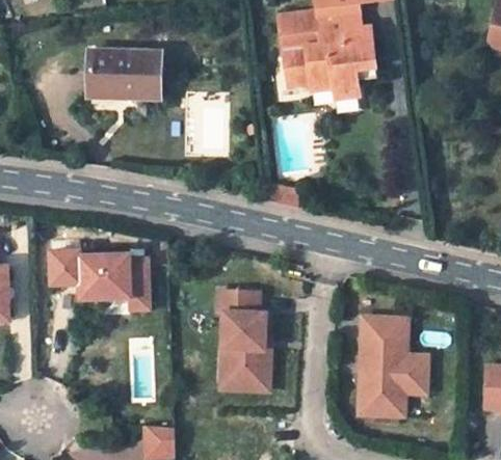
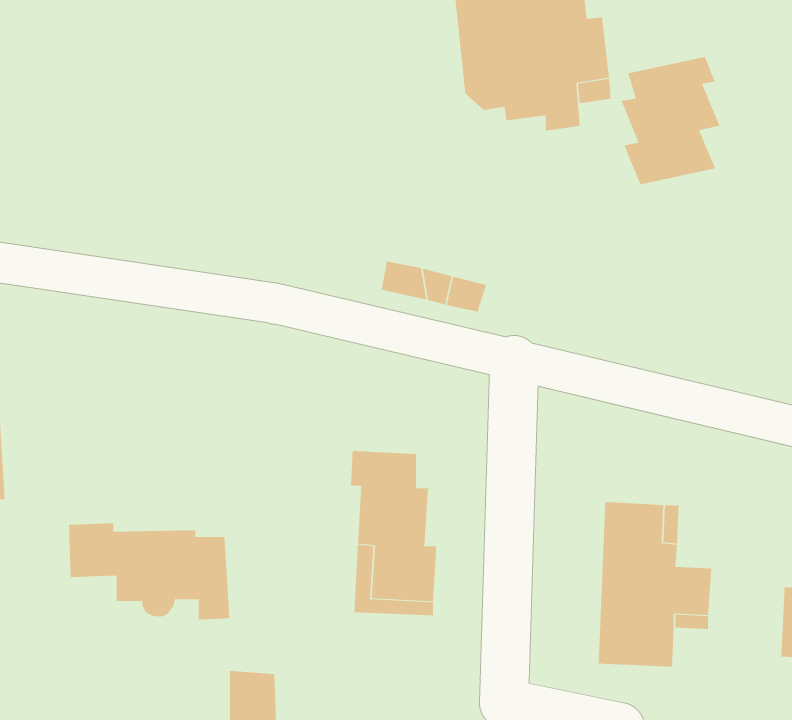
building: [86,48,160,96] -> none
building: none -> [621,56,720,185]
building: [49,249,148,308] -> [68,523,230,620]

